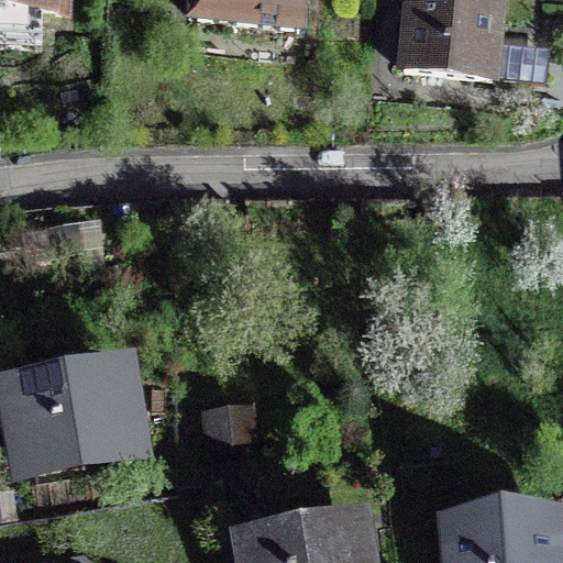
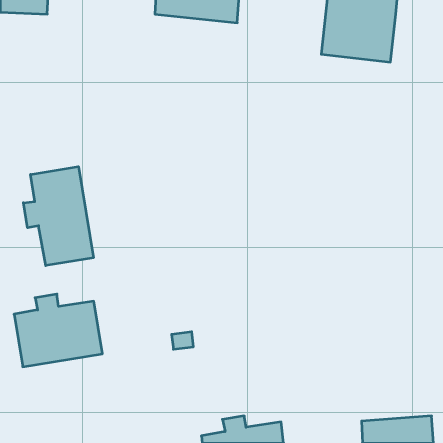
building: none -> [23,167,93,266]

